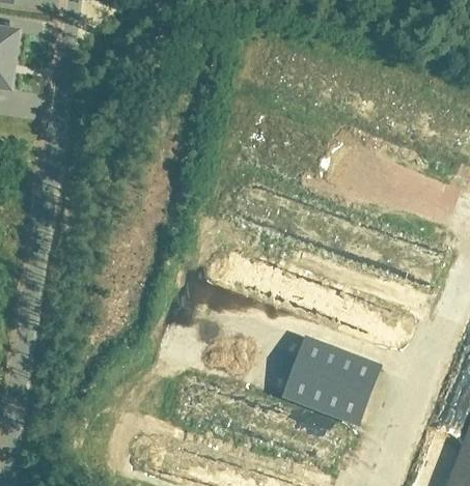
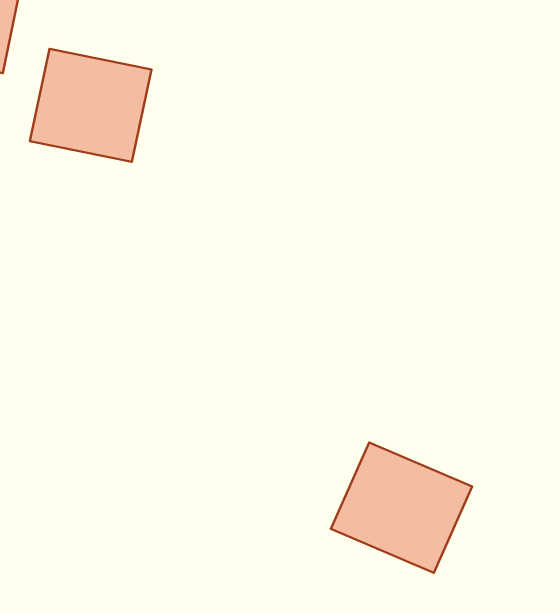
building: none -> [30,49,152,162]

